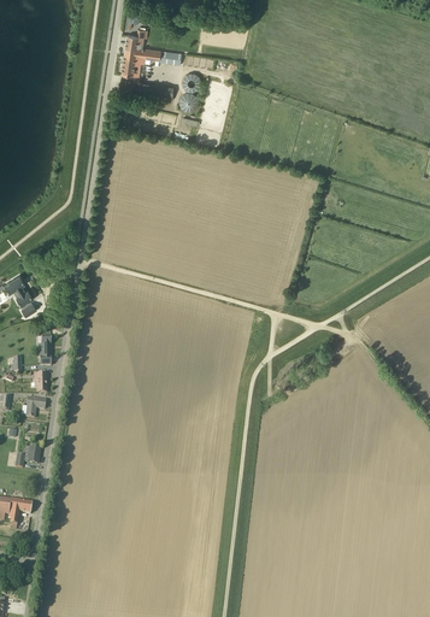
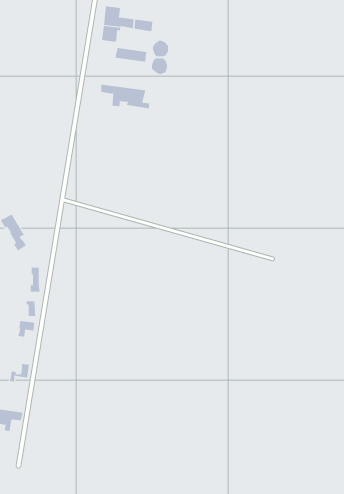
building: none -> [101,84,150,109]

